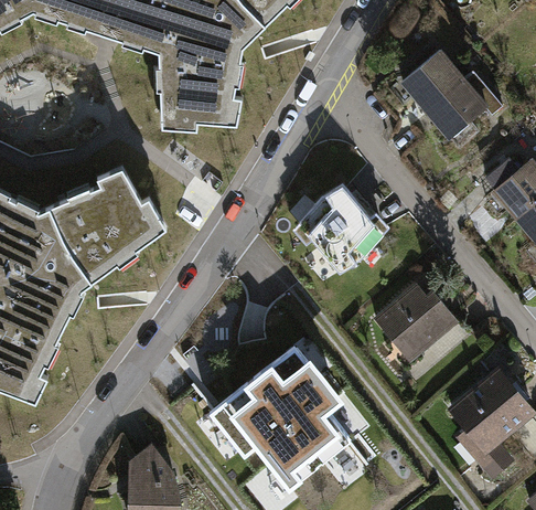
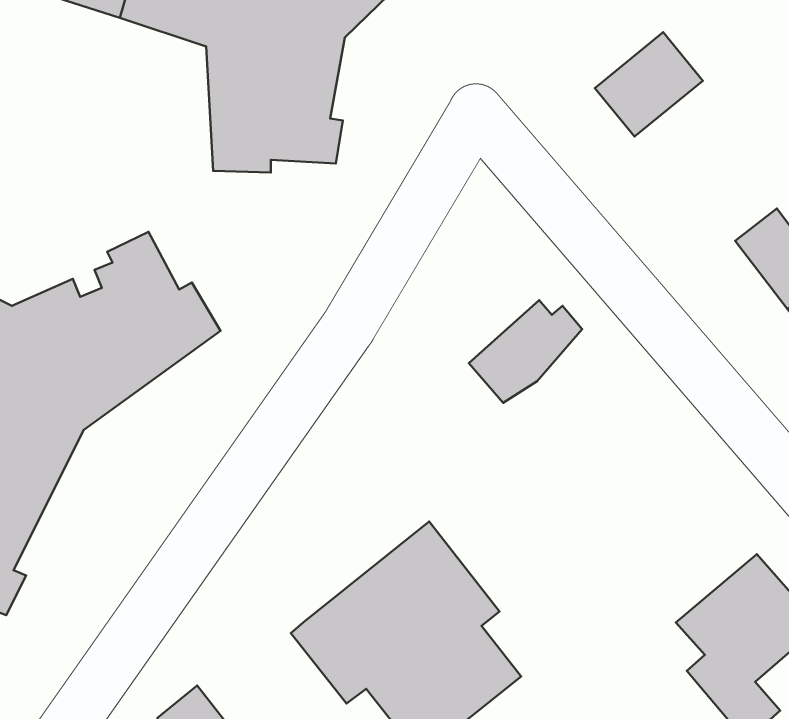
building: [421,68,500,139] -> none
building: [294,185,363,248] -> none
building: [372,281,457,359] -> none

